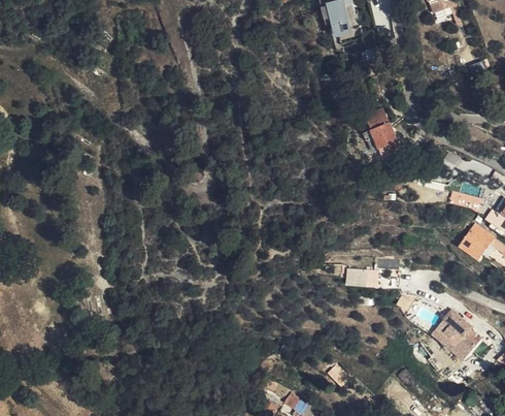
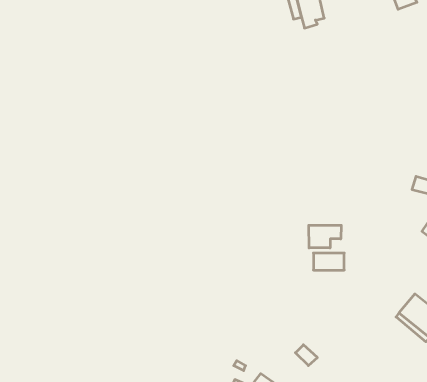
building: [366,107,400,153] -> none
building: none -> [309,225,341,248]

